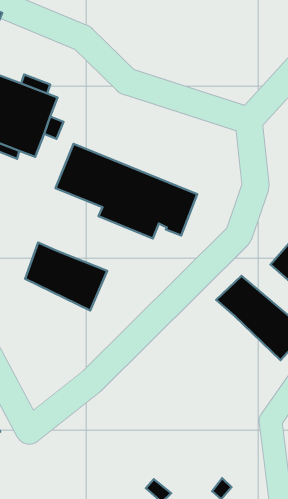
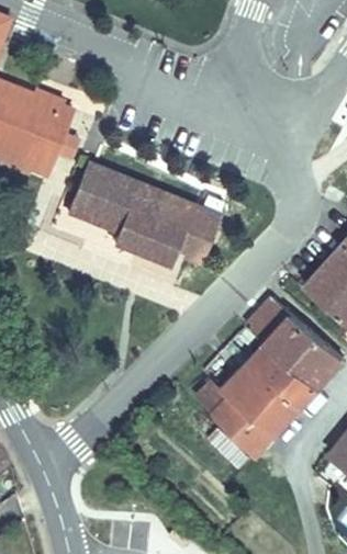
building: [25,243,107,311] -> none
building: none -> [191,347,314,462]

